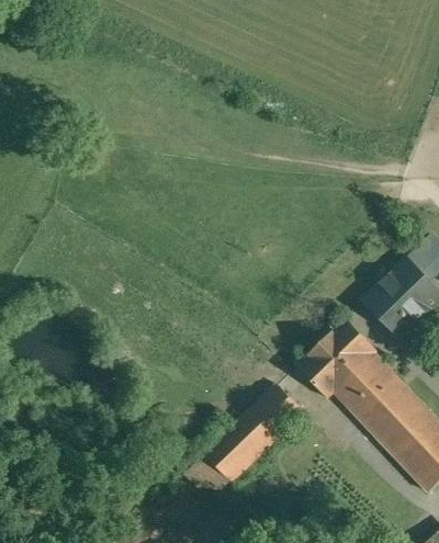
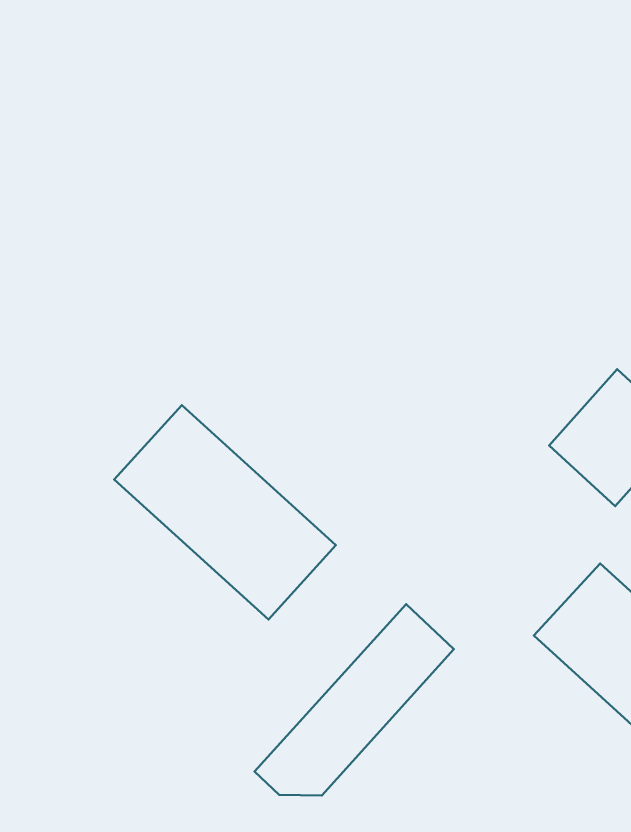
building: none -> [114,405,336,620]
building: [296,319,389,407] -> none

